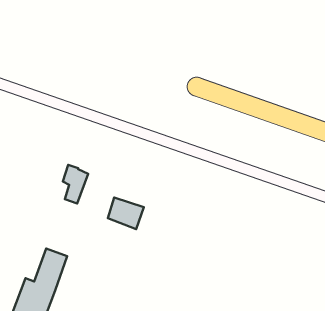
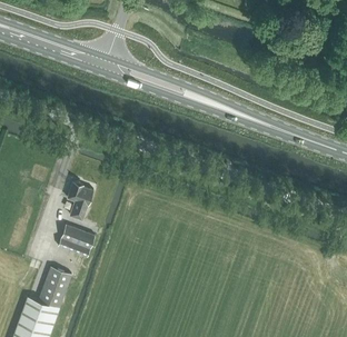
building: [108,197,144,229] -> [58,224,95,256]

